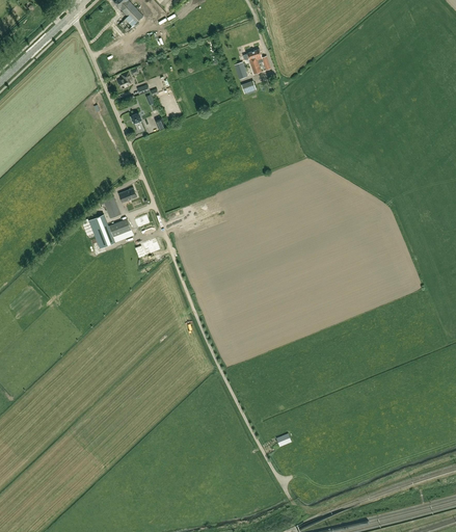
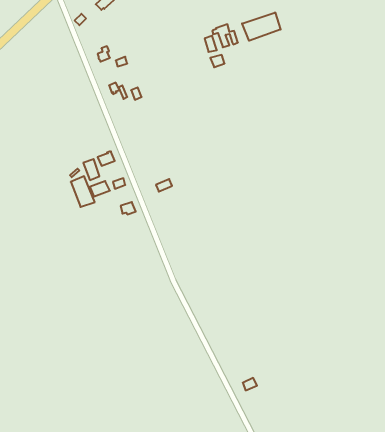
building: none -> [242,12,281,41]

